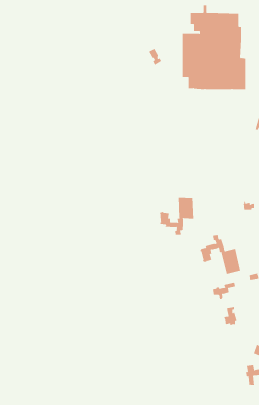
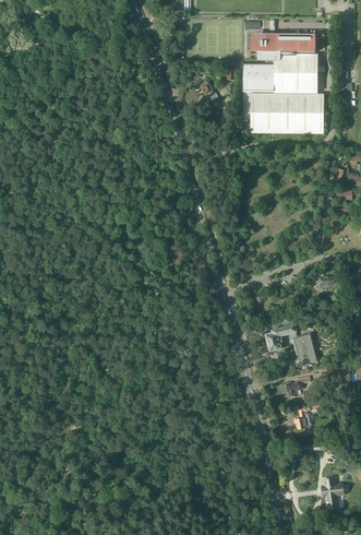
building: [159,197,194,235] -> none

